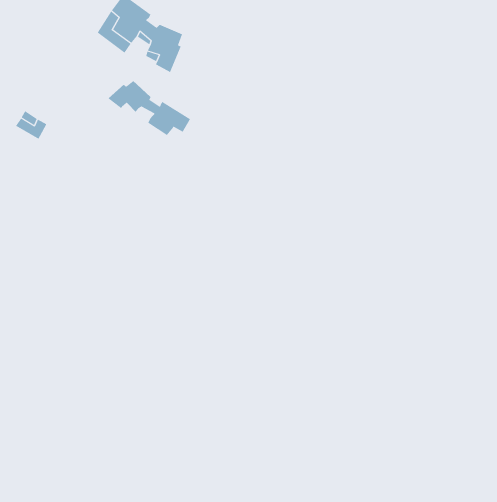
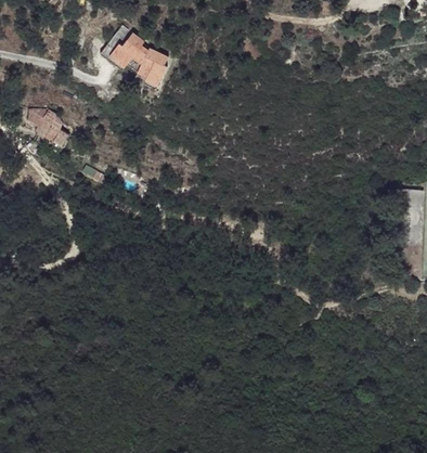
building: [108,80,191,136] -> none

